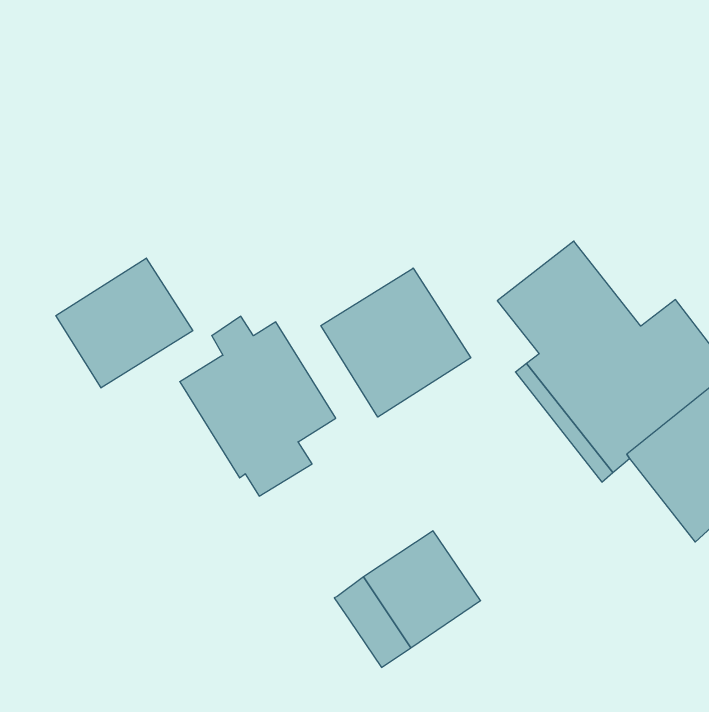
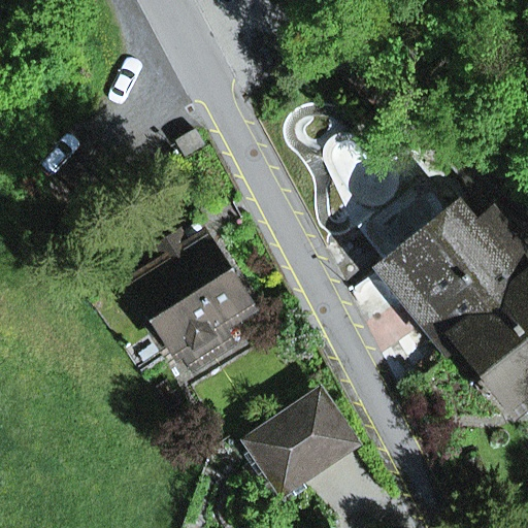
building: [56,258,193,388] -> none
building: [321,268,471,417] -> none

